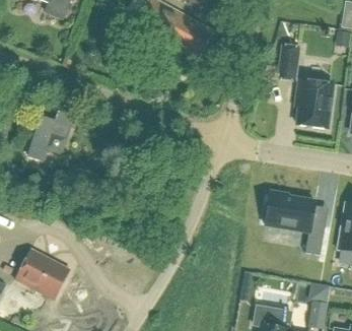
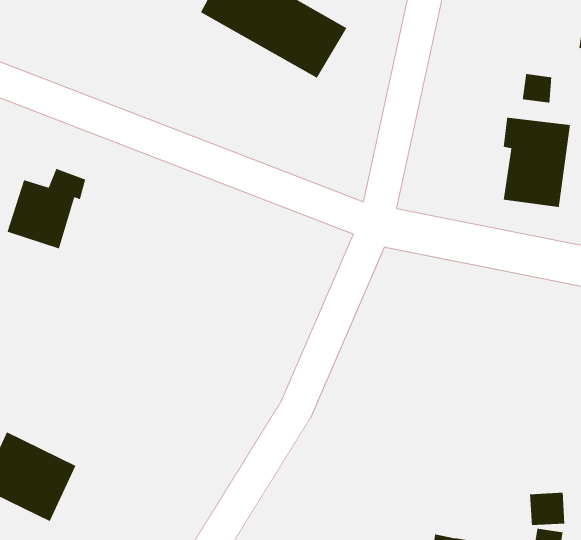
building: [279,45,301,81] -> none
building: [264,190,326,254] -> none

